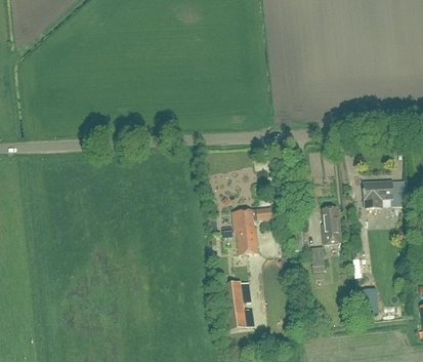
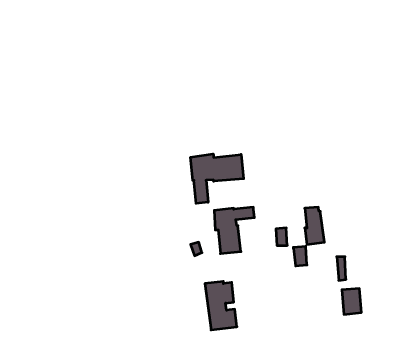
building: none -> [191,154,244,203]
building: [363,182,399,207] -> none

